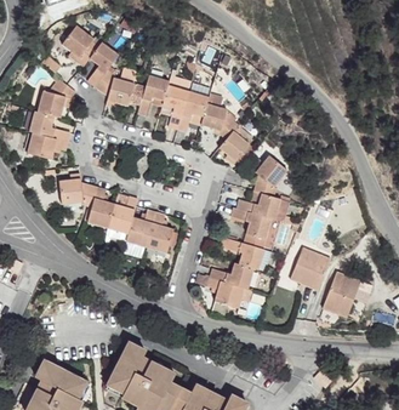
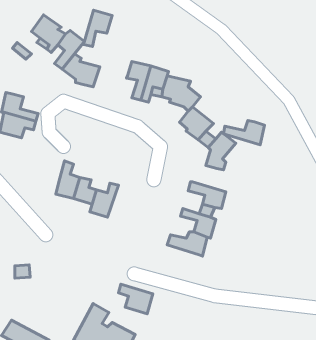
building: [142,68,173,108] -> [84,10,112,47]
building: [39,80,78,119] -> none
building: [58,180,98,210] -> none
building: [239,195,284,222] -> [224,121,265,145]
building: [146,213,173,254] -> none
building: [291,250,331,290] -> none
building: [325,271,364,318] -> none
building: [209,279,246,312] -> [119,284,153,314]

